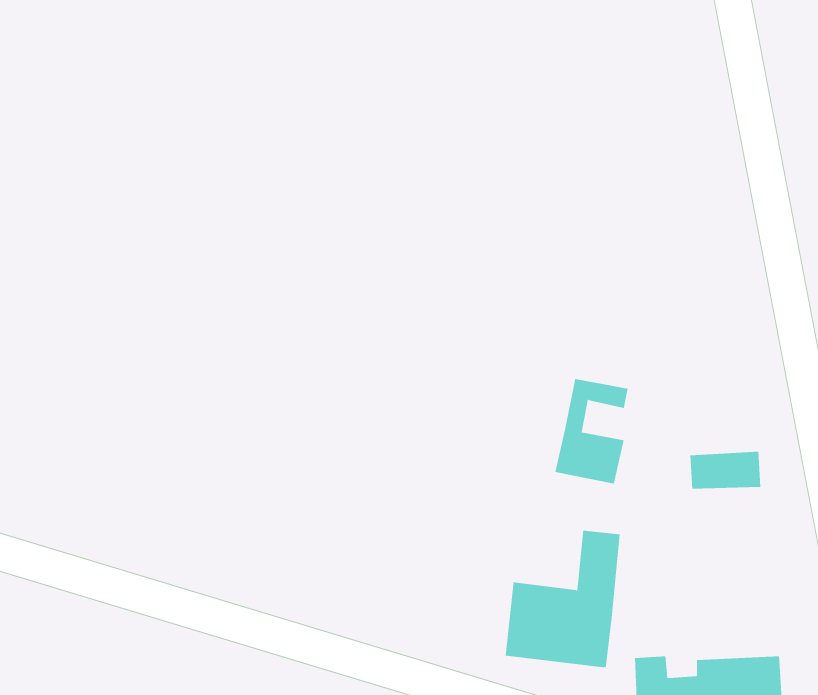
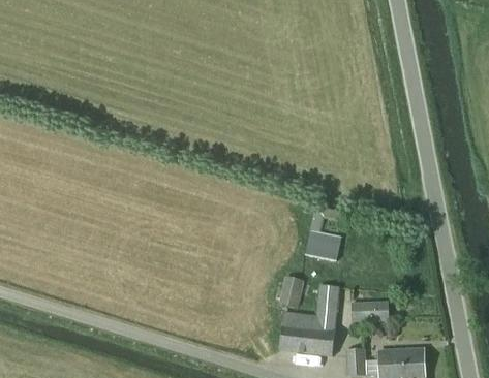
building: [689,451,761,489] -> [350,301,388,320]
building: none -> [278,275,303,307]

